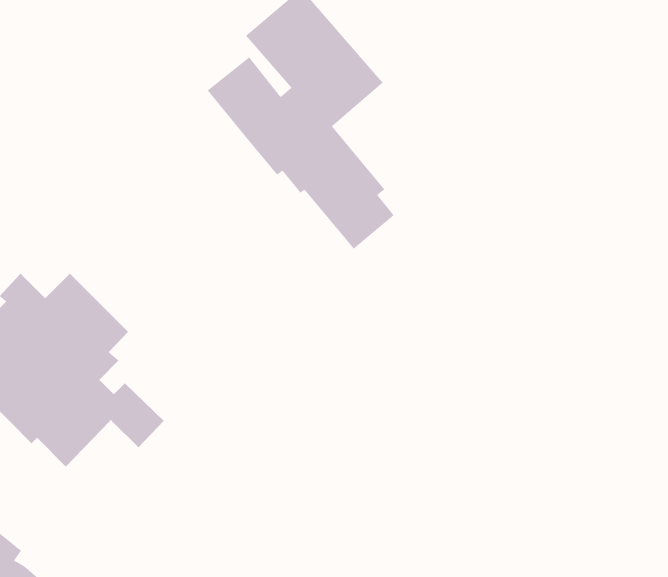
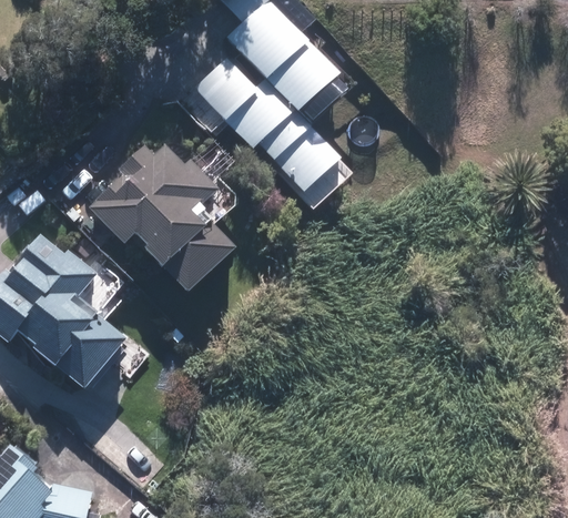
building: none -> [88,134,241,296]

